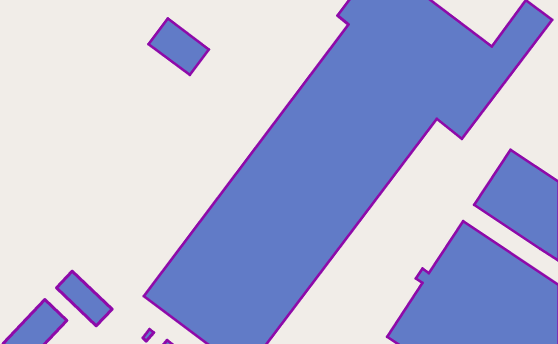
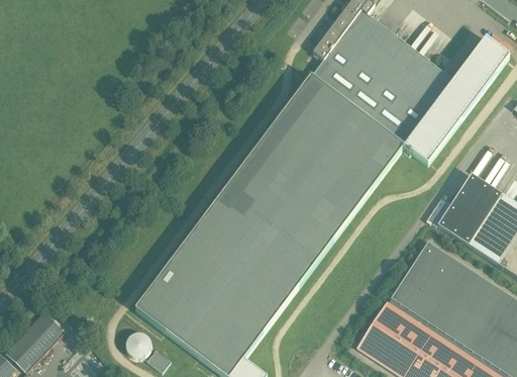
building: [149,19,209,75] -> none
building: [56,271,112,326] -> none

